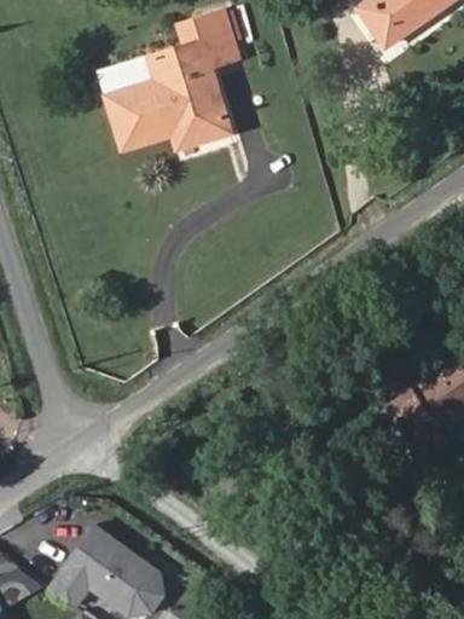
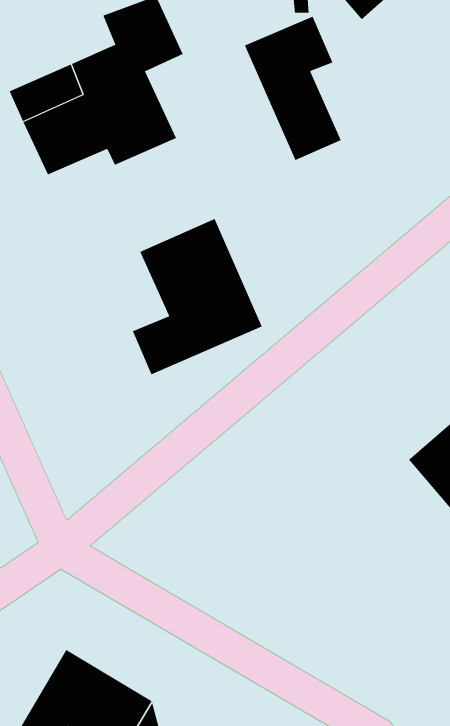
building: none -> [244,16,341,161]
building: none -> [132,218,262,375]

